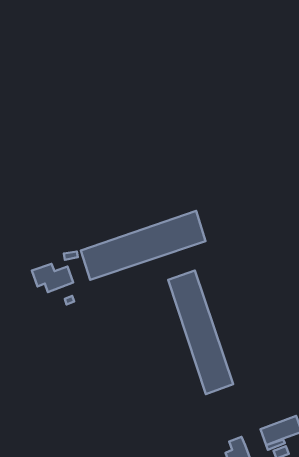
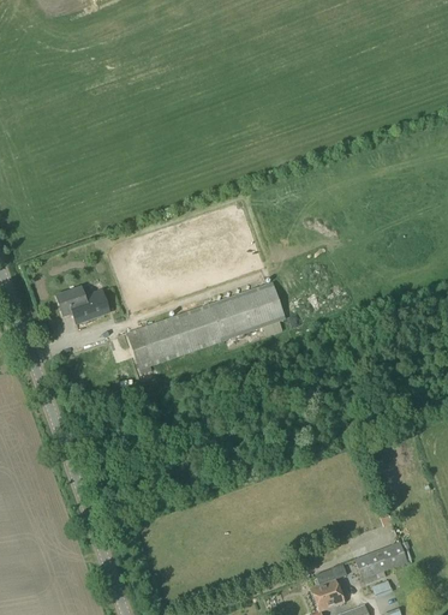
building: [32,264,73,292] -> [55,287,108,323]
building: [168,271,233,394] -> none

